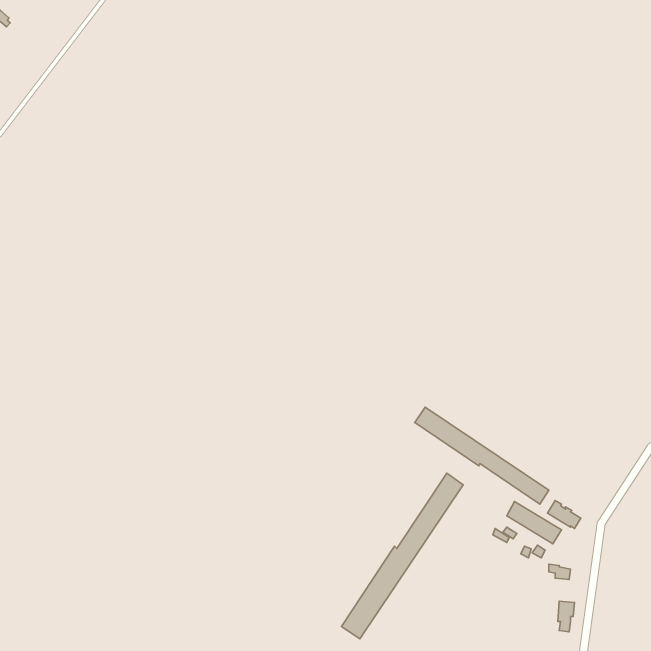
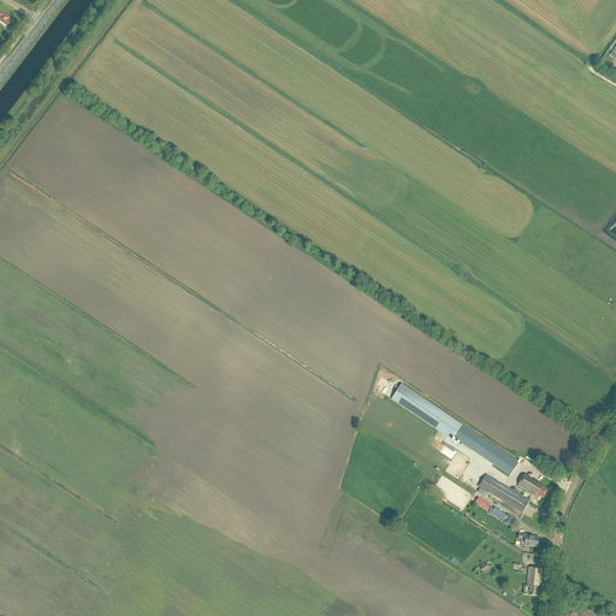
building: [341,473,463,639] -> none

